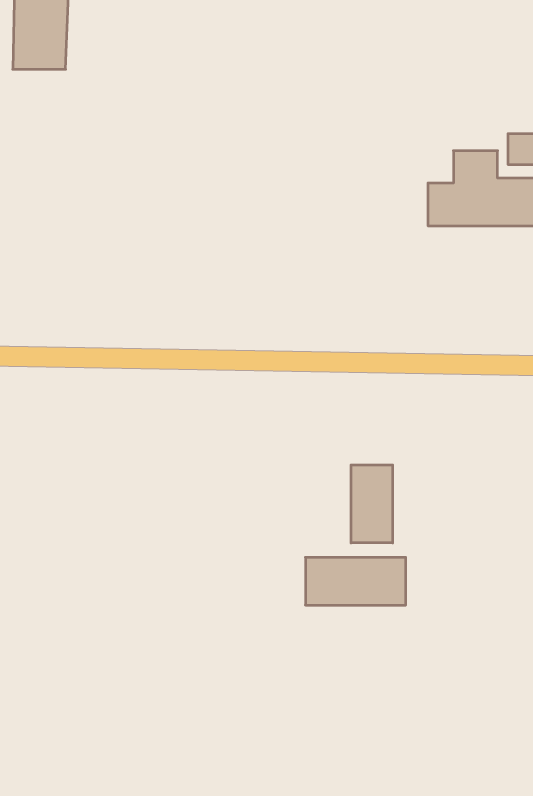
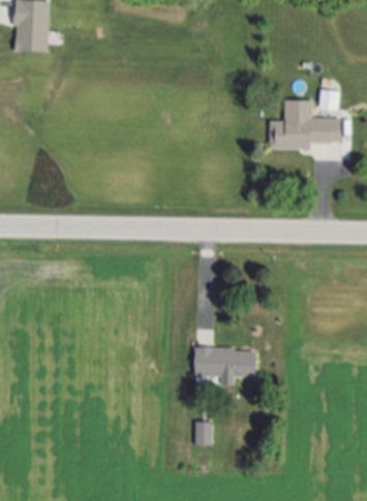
building: [351,465,393,543] -> none
building: none -> [192,422,210,445]

